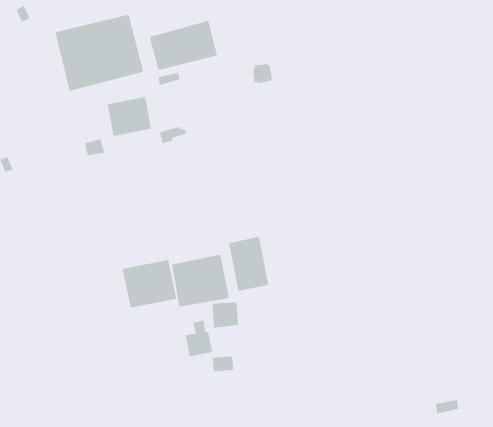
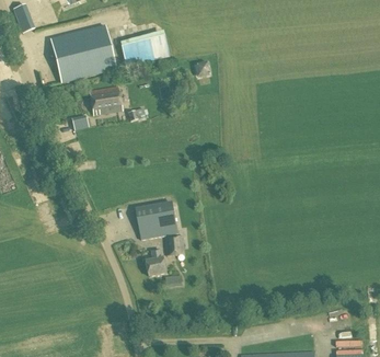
building: [228,236,269,292] -> none
building: [122,259,177,309] -> none

